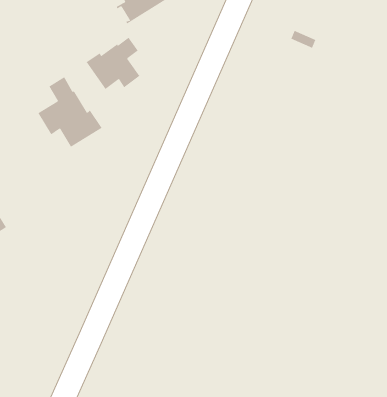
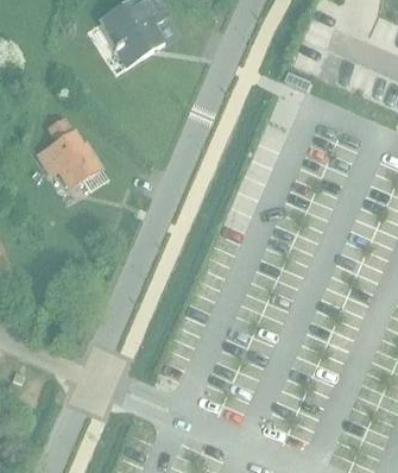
building: [86,37,140,90] -> none

